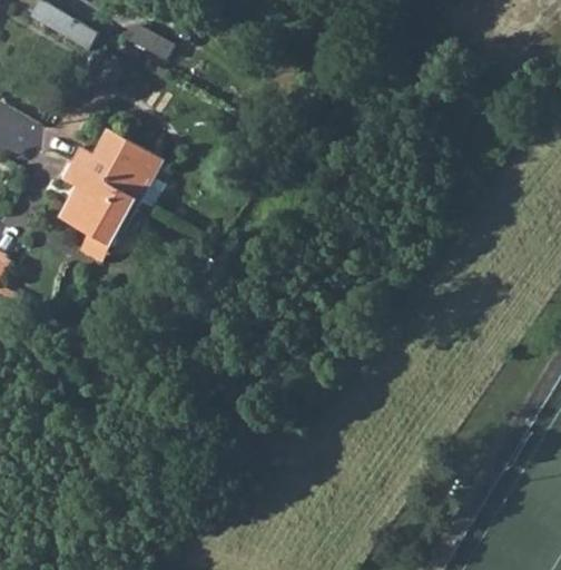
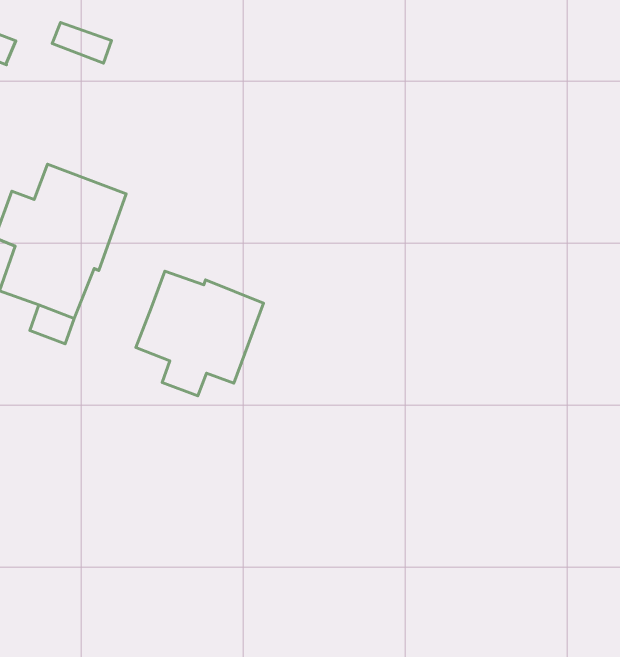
building: none -> [136,271,264,396]

